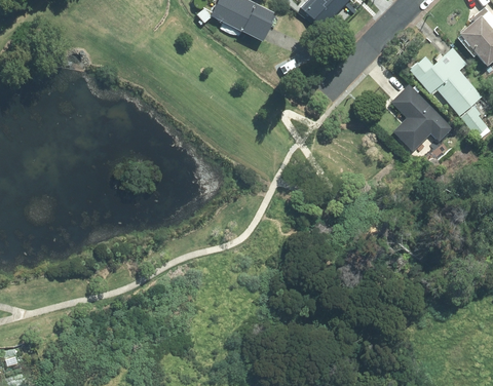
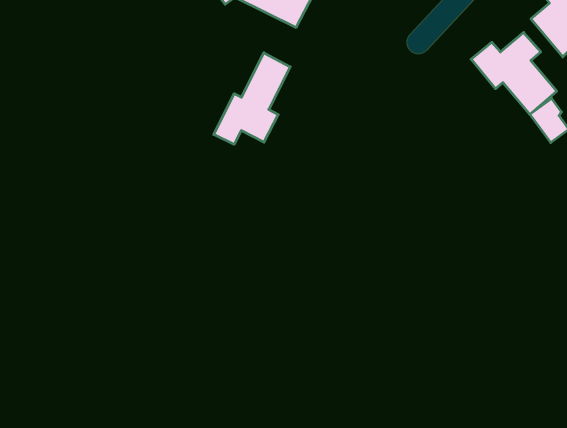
building: none -> [214,53,290,144]
building: [393,83,455,150] -> none

